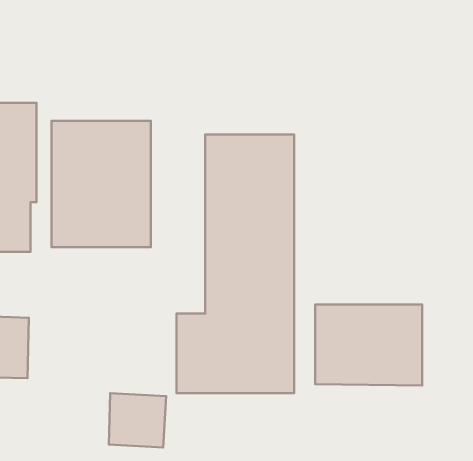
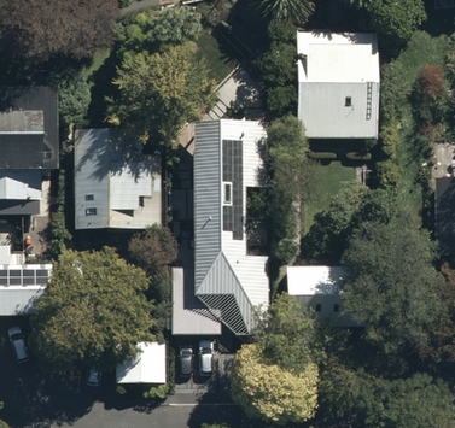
building: none -> [292,30,372,137]

